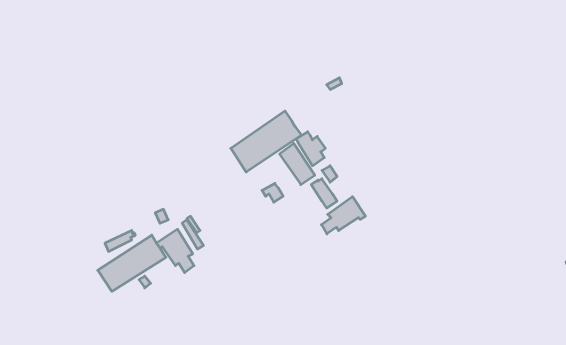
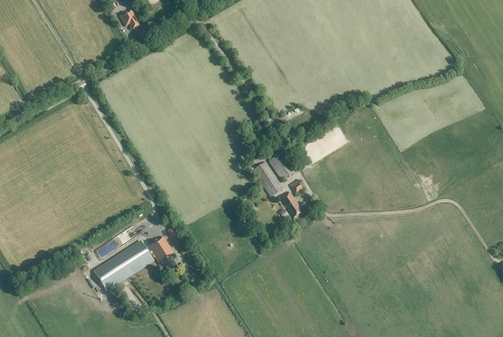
building: [231,111,301,172] -> none
building: [321,197,365,234] -> none

